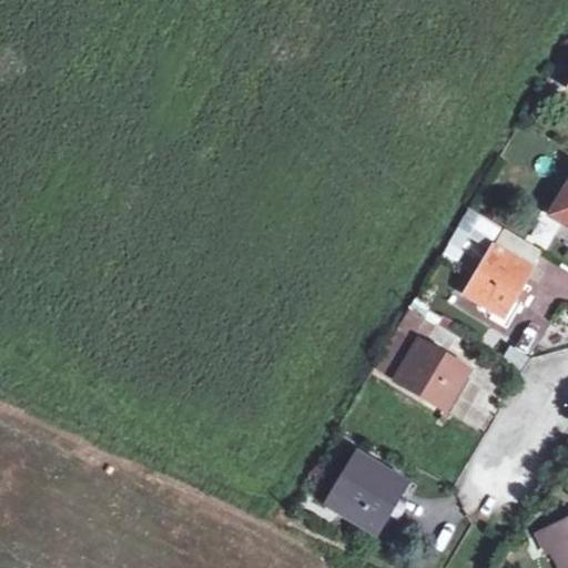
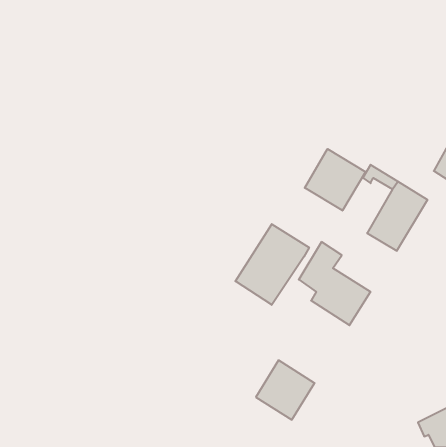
building: none -> [305,149,365,211]
building: none -> [235,224,309,305]

